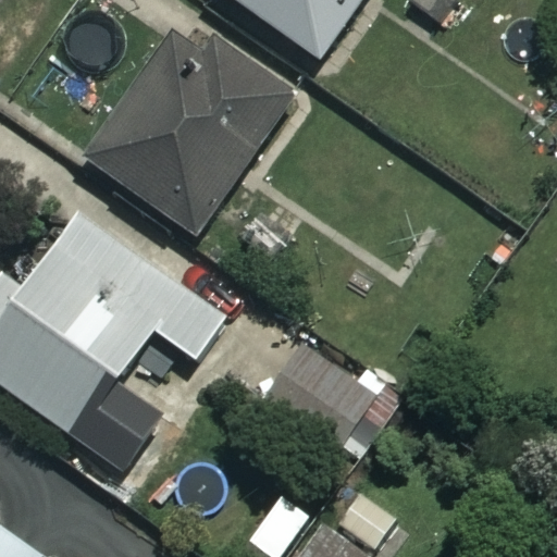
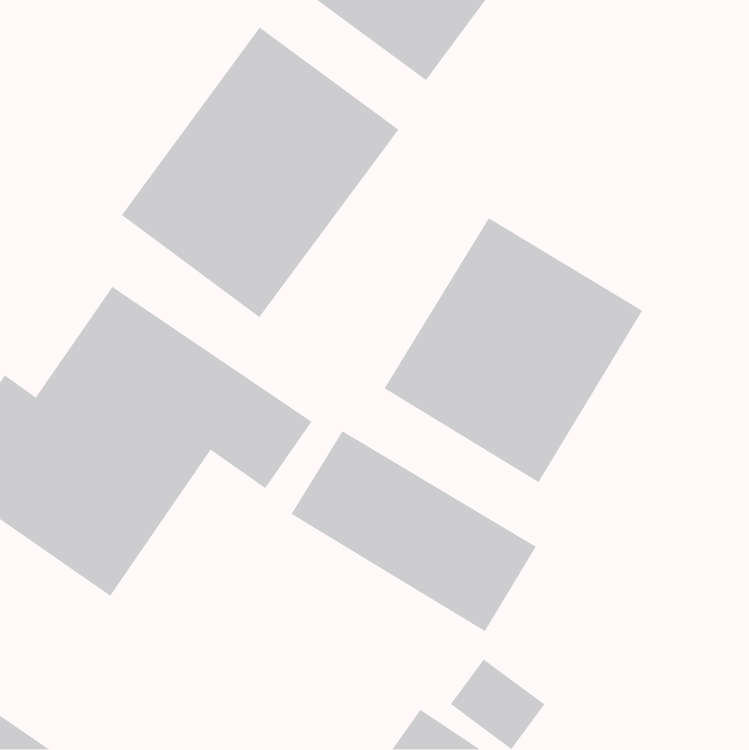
building: none -> [383,217,643,483]

